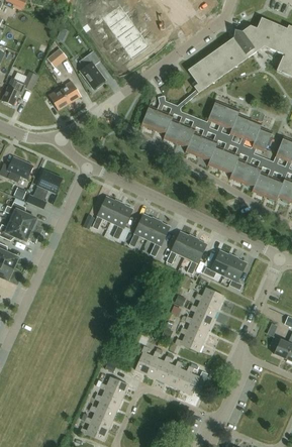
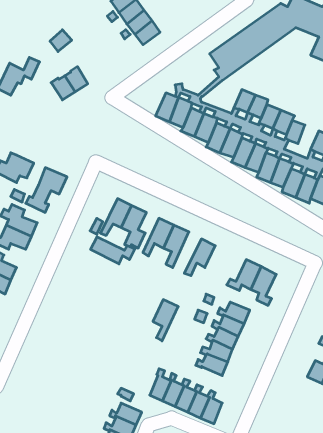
building: [79,51,105,89] -> none
building: none -> [91,237,135,264]
building: [184,238,206,274] -> [153,300,178,341]

